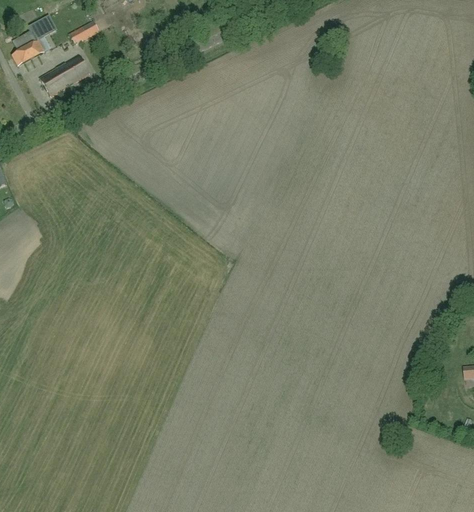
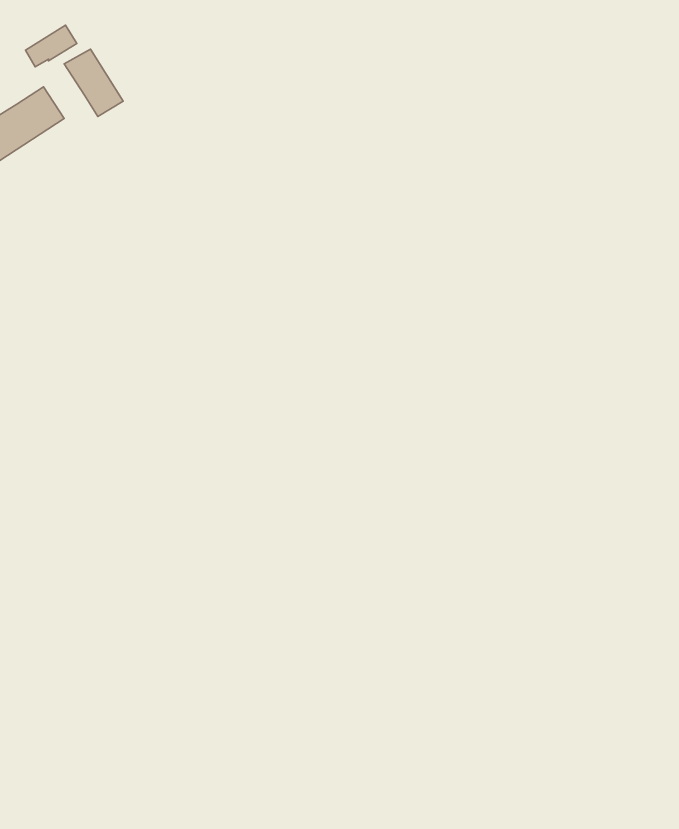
building: none -> [64,49,123,117]

